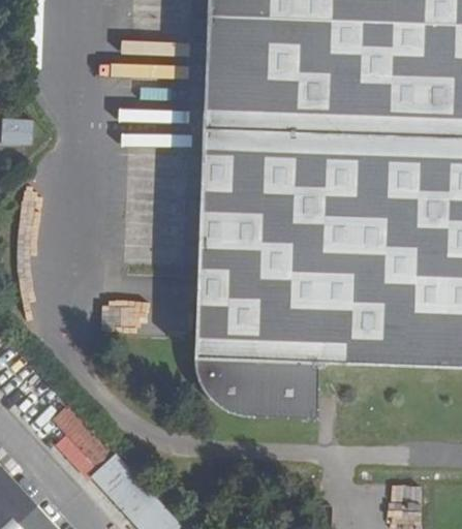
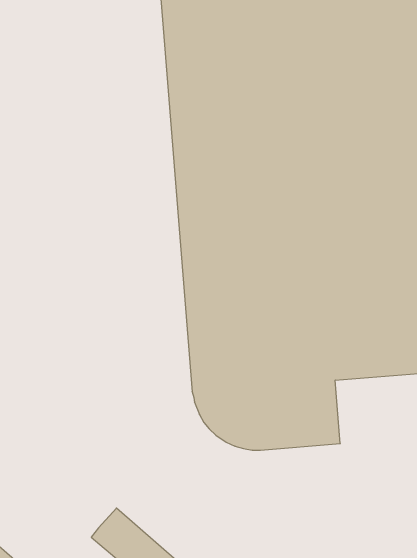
building: [53,405,116,470] -> none

